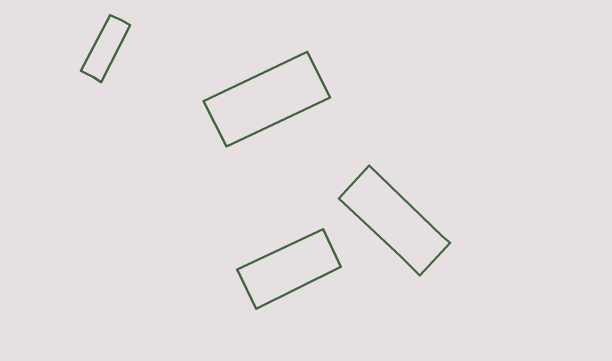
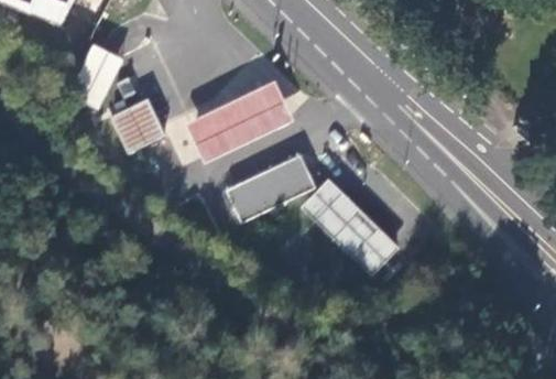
building: none -> [111,98,164,150]
building: [237,229,341,309] -> [226,153,316,223]

